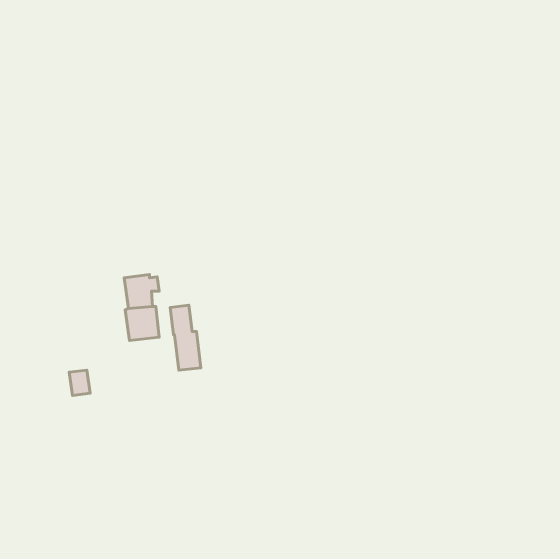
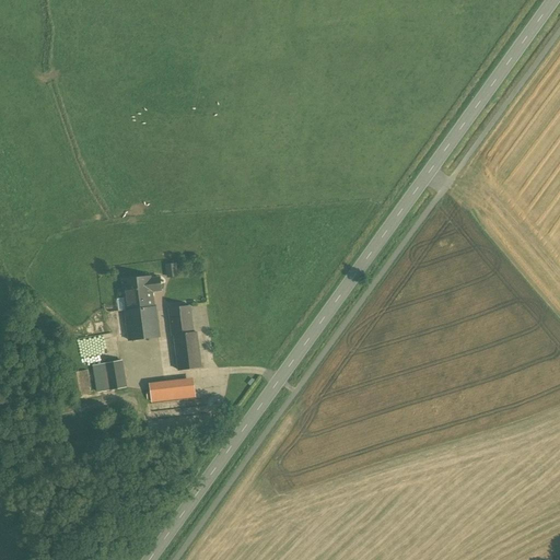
building: none -> [96,359,127,389]
building: none -> [151,378,196,399]

